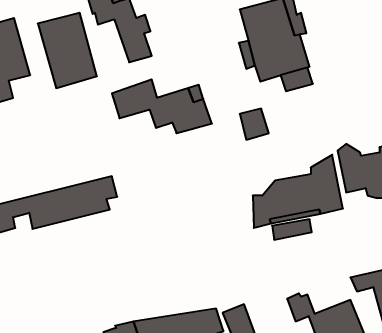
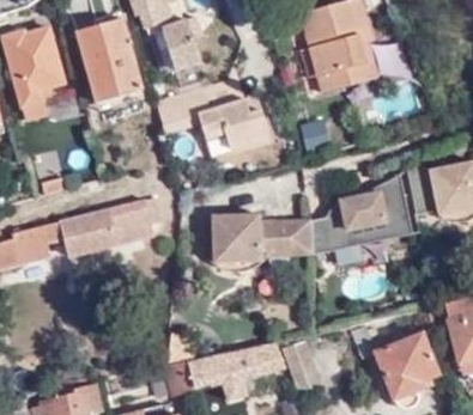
building: none -> [207,214,315,269]

